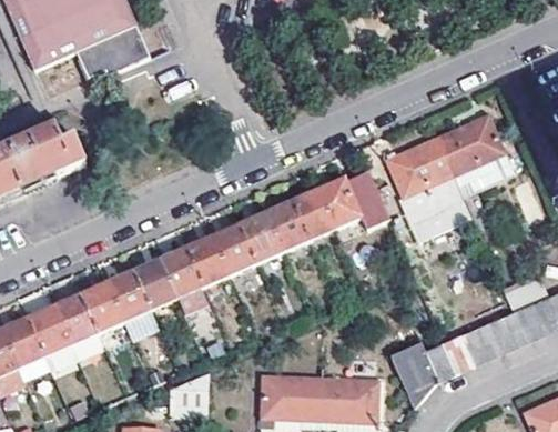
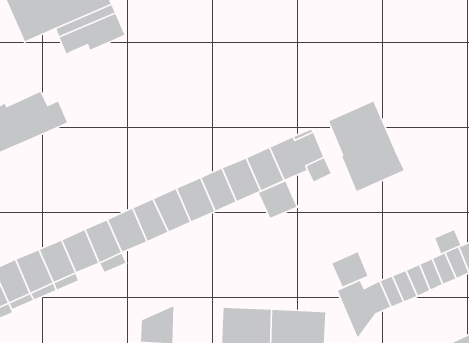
building: [435,114,511,197] -> none
building: none -> [258,181,298,219]
building: none -> [331,251,369,288]

